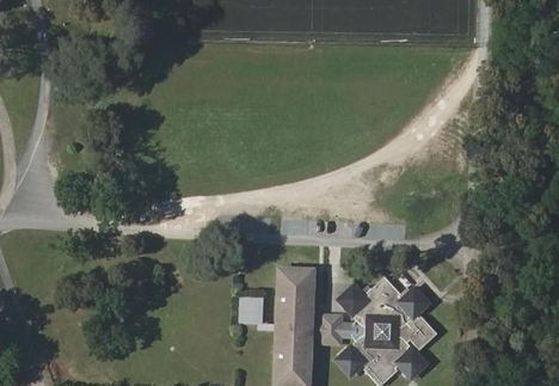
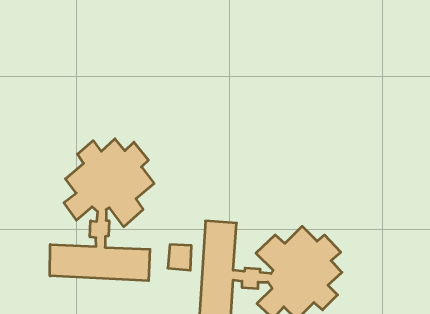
building: none -> [50,139,154,281]

